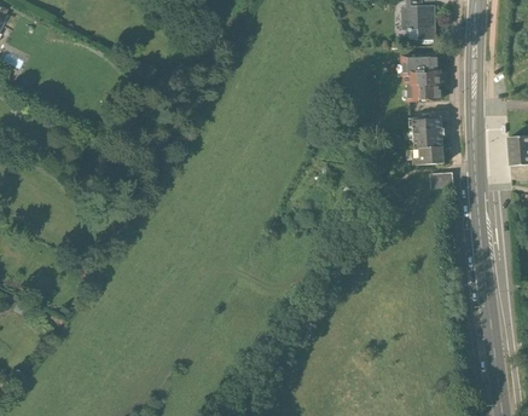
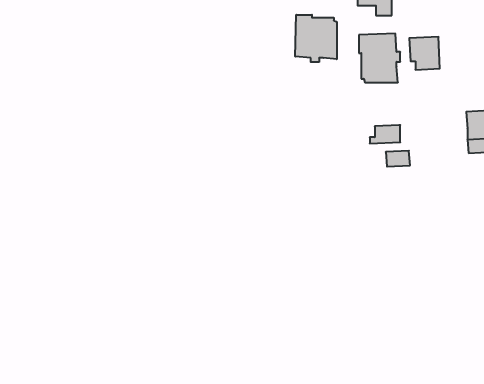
building: none -> [295,15,337,62]
building: [411,115,441,148] -> [409,37,440,70]

